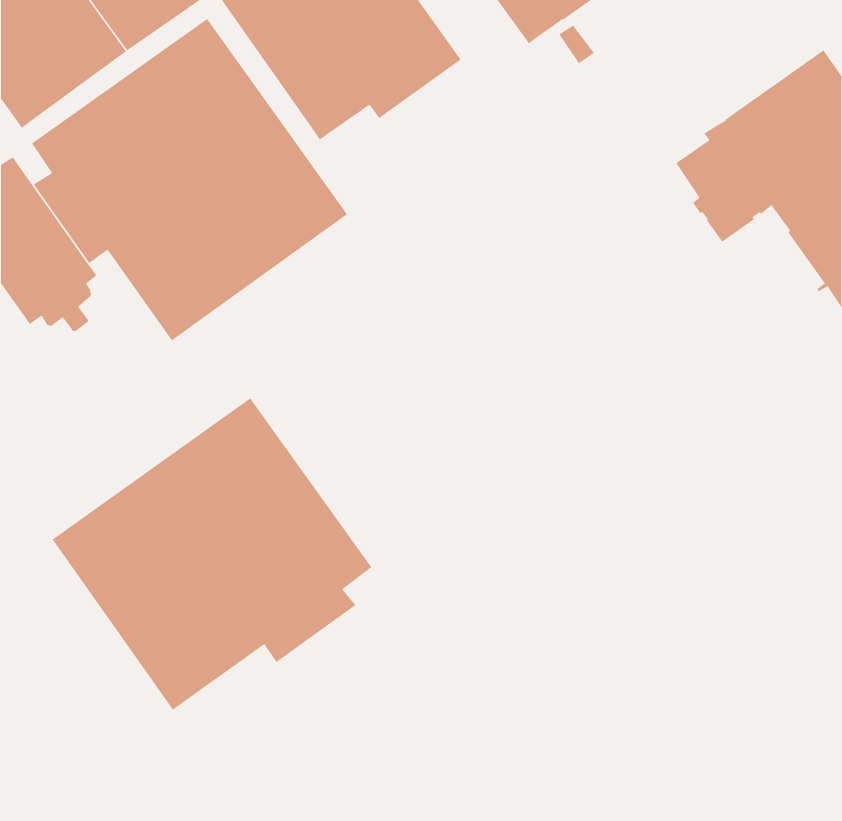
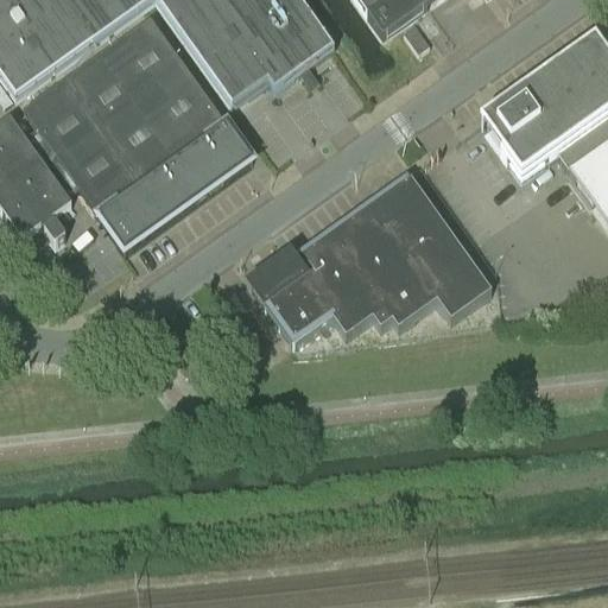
building: none -> [249,169,489,340]
building: [52,398,372,711] -> none

